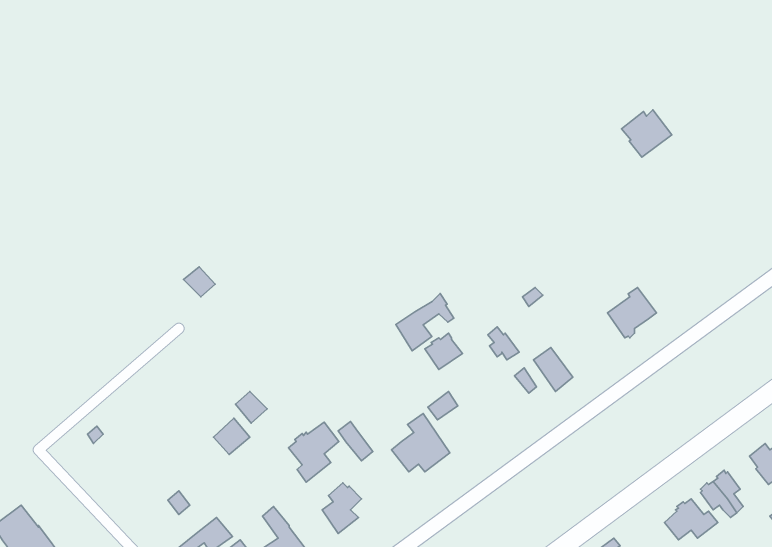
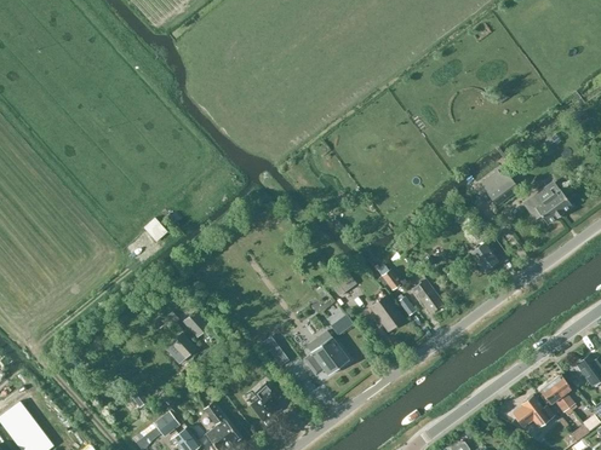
building: [621,110,672,157] -> [480,169,519,206]
building: none -> [527,185,572,224]
building: [396,294,454,351] -> none
building: none -> [370,295,403,330]
building: [289,422,339,482] -> none

